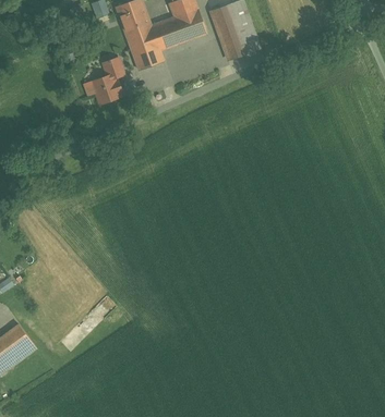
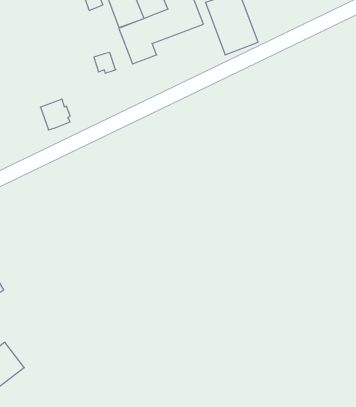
building: [92,73,120,102] -> [40,99,70,130]

